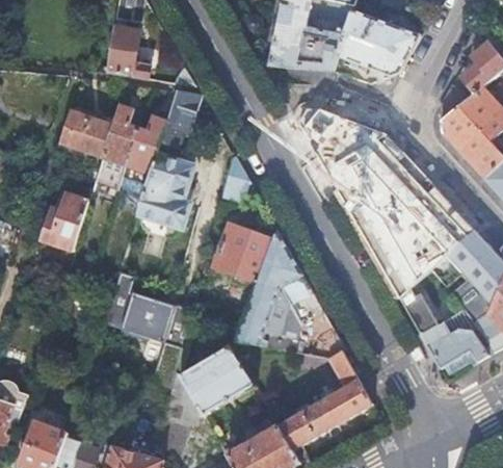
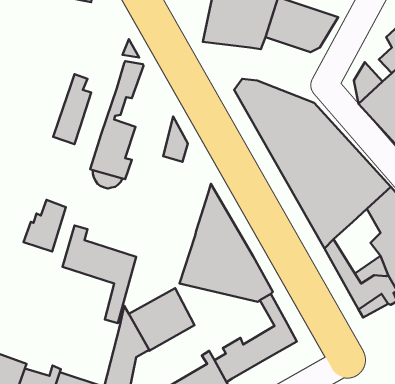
building: [107,24,149,77] -> none
building: [59,108,116,155] -> none
building: [127,114,168,171] -> none
building: [42,189,89,248] -> [23,200,66,251]
building: [216,224,271,285] -> none

